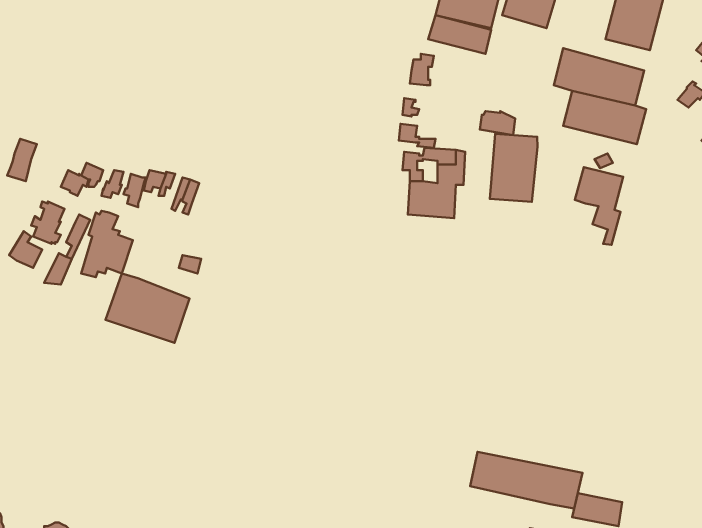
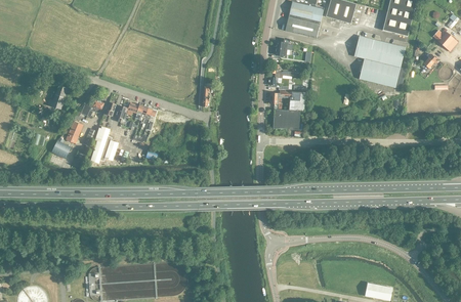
building: [490,134,537,202] -> none
building: [575,167,623,245] -> none
building: [105,273,190,343] -> none
building: [470,452,582,509] -> none

